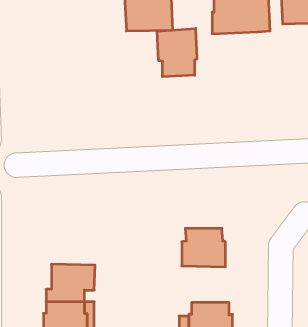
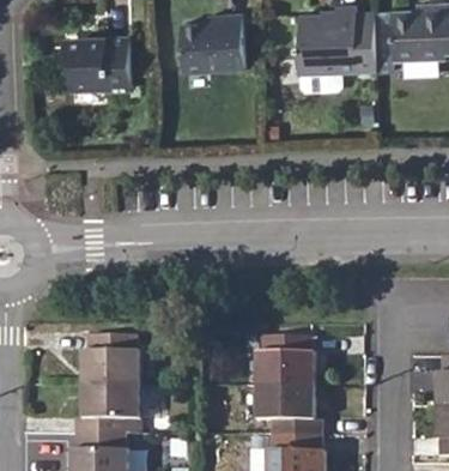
building: none -> [61,40,129,92]
building: [157,28,197,77] -> none
building: none -> [81,337,141,386]
building: none -> [256,387,320,436]

